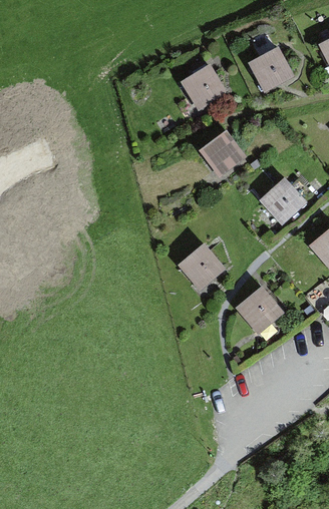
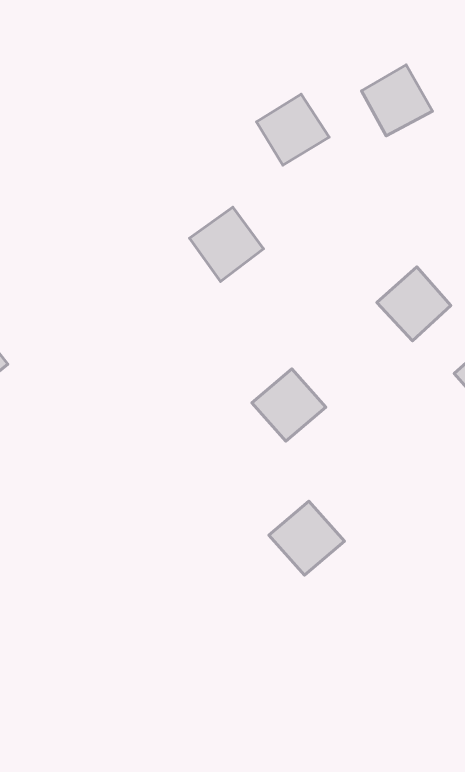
building: [199,129,247,177] -> [190,207,264,281]
building: [235,286,284,334] -> [269,501,344,575]

